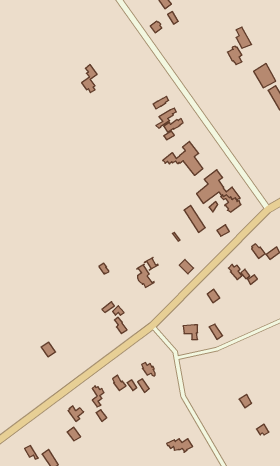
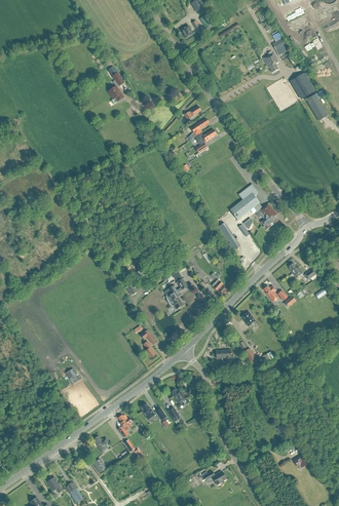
building: [163,141,203,175] -> none

